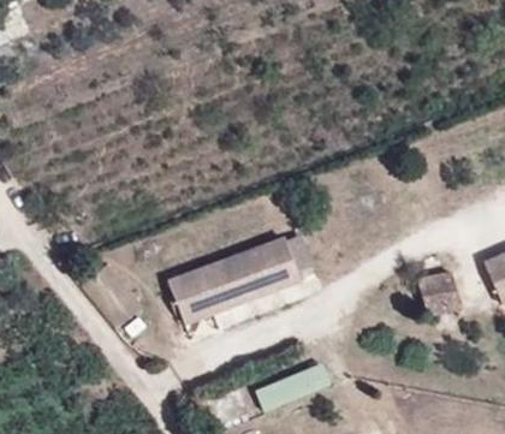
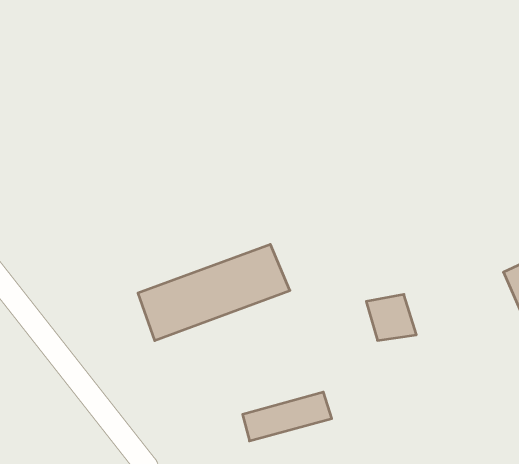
building: [417,273,461,313] -> [366,294,416,340]

